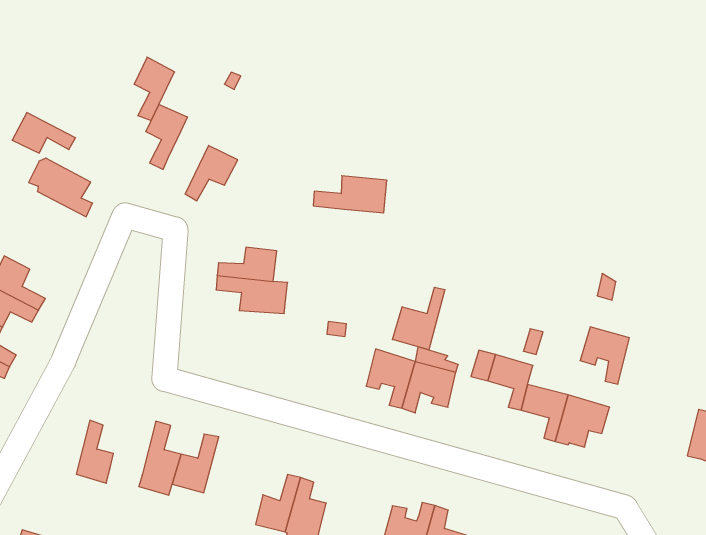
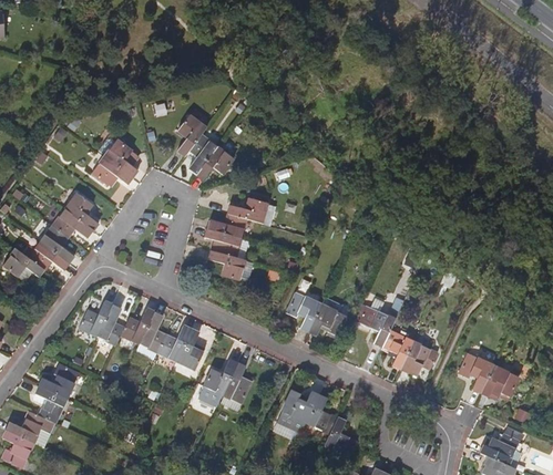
building: [134,57,175,120] -> [188,133,216,173]
building: [12,113,76,153] -> [92,155,132,183]
building: [313,176,387,213] -> [228,197,277,225]
building: [392,287,445,350] -> none
building: none -> [209,249,255,278]
building: [580,327,629,384] -> [460,352,493,391]
building: none -> [79,300,112,335]
building: none -> [120,308,153,343]
building: none -> [175,328,204,369]

